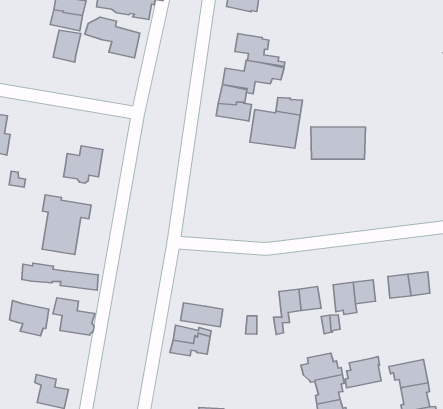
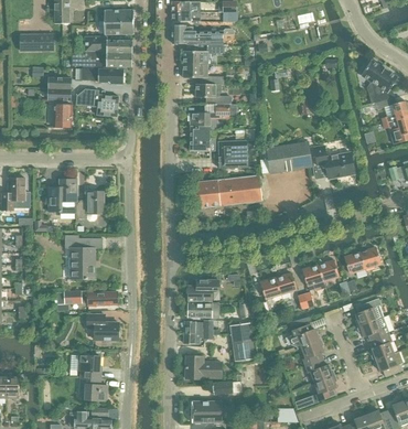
building: none -> [183,64,223,85]
building: none -> [49,179,76,213]
building: none -> [313,146,353,179]
building: none -> [193,174,260,207]
building: none -> [187,279,217,300]
building: [9,301,49,336] -> [69,354,99,378]
building: none -> [229,324,254,361]
building: [345,356,381,388] -> [354,298,383,326]
building: none -> [185,356,221,378]

